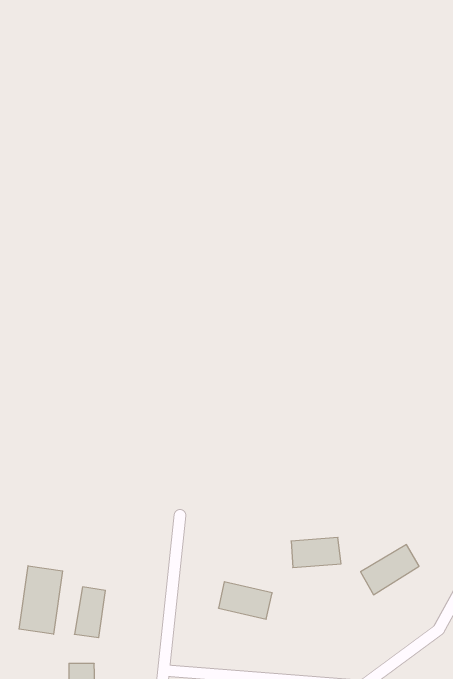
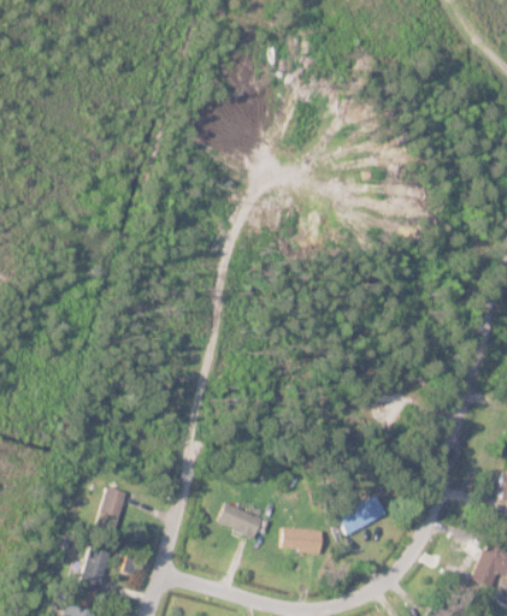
building: [291,537,341,568] -> [281,527,322,552]
building: [19,566,63,634] -> none

